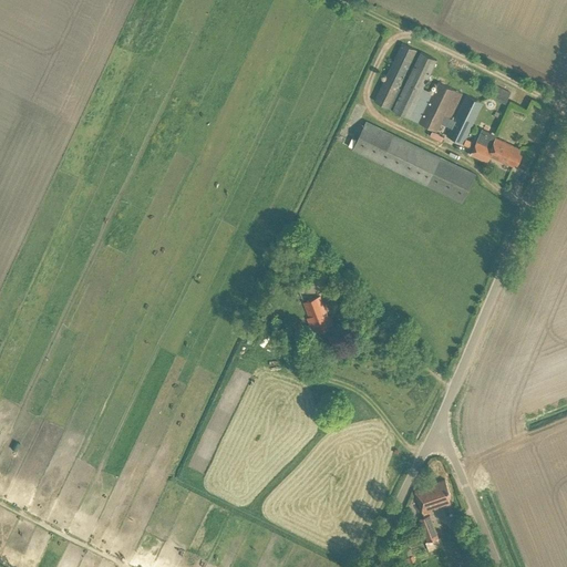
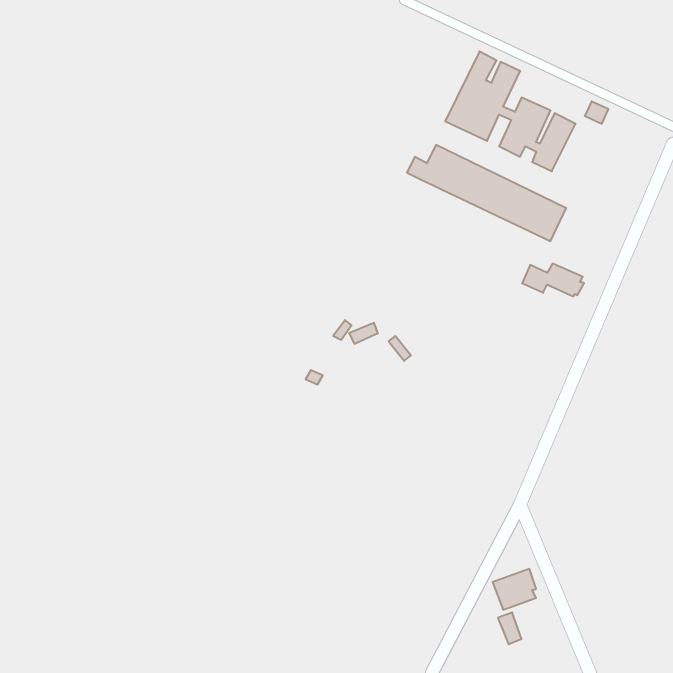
building: [471,138,523,166] -> [522,264,584,296]
building: [303,297,333,336] -> none

